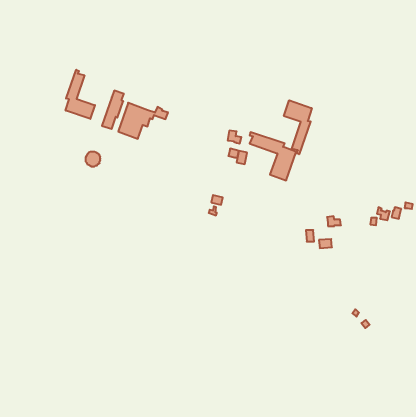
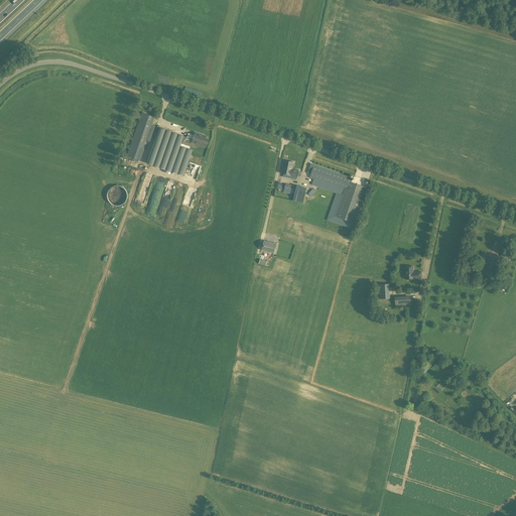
building: [66,70,95,119] -> none
building: [284,100,312,154] -> none

